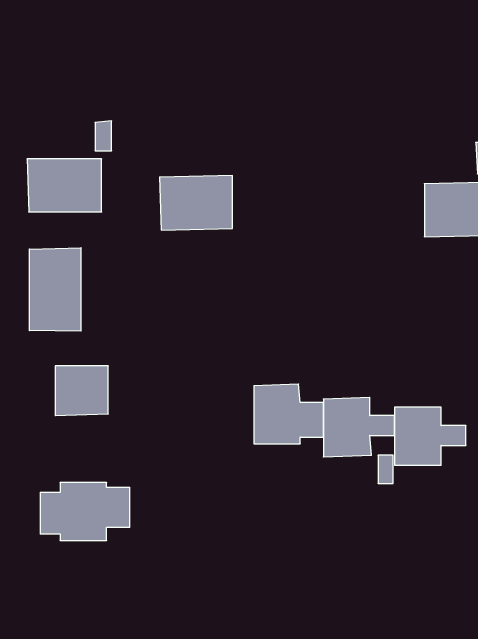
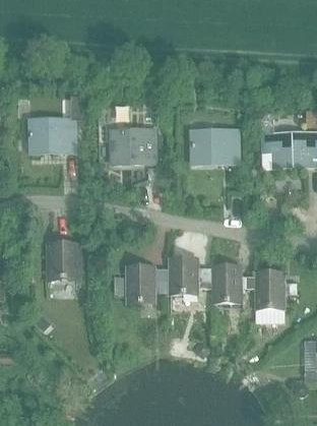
building: none -> [192,131,238,165]
building: [29,248,81,331] -> none
building: [40,483,130,540] -> [114,267,169,303]

